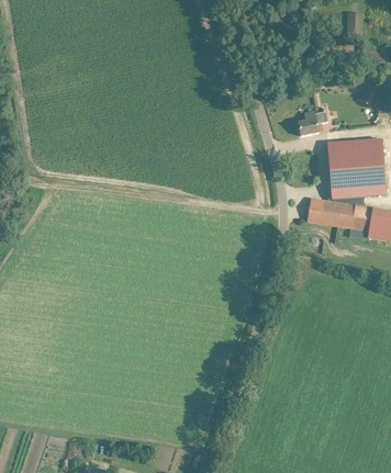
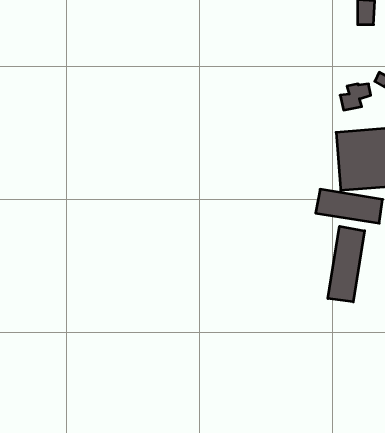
building: [295,110,325,135] -> [340,84,371,110]
building: none -> [328,226,365,302]

